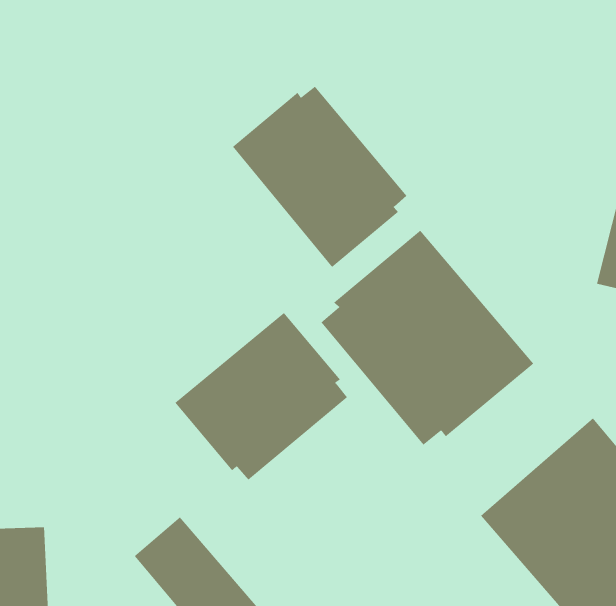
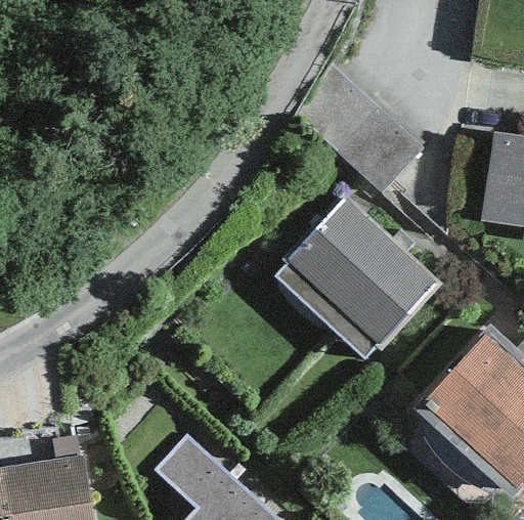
building: [232,86,407,268] -> none
building: [174,312,348,481] -> none

